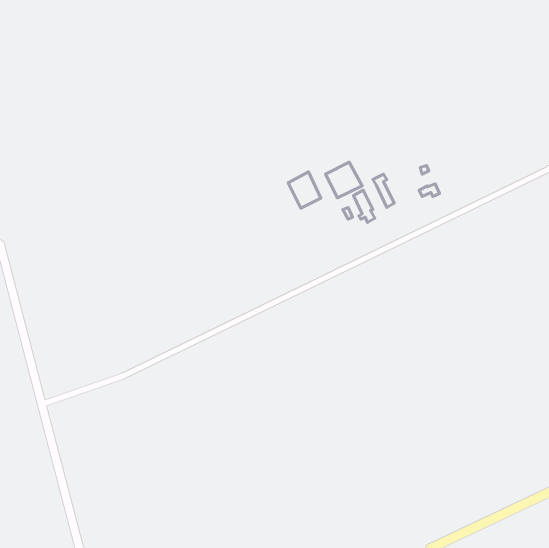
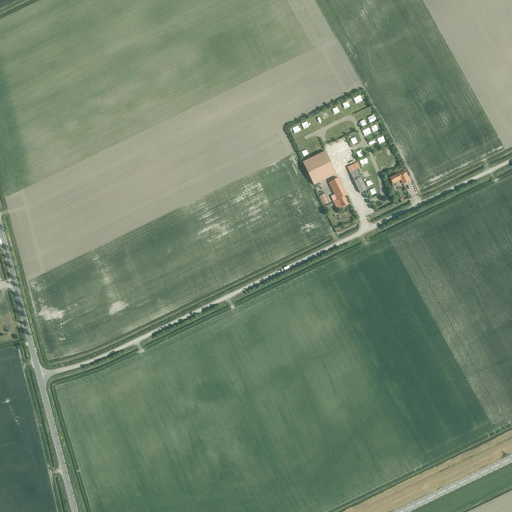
building: [288,172,321,208] -> none

